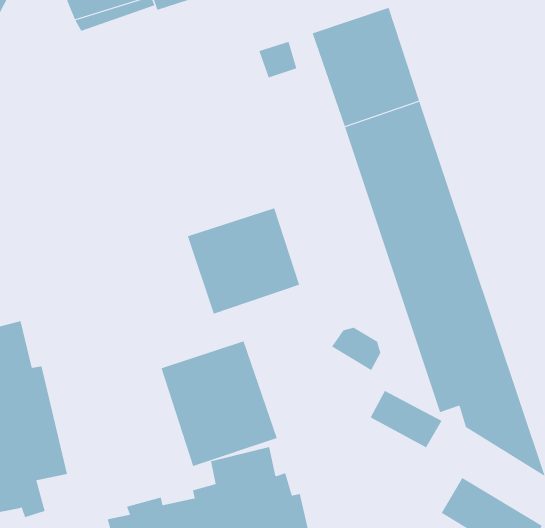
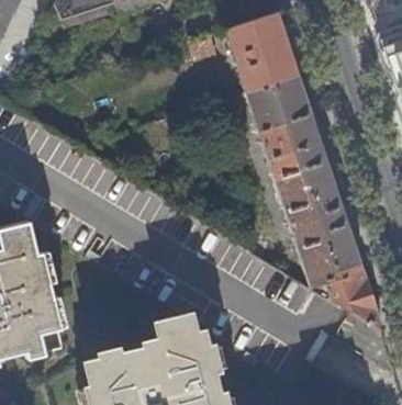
building: [187,208,300,315] -> none
building: [161,340,277,467] -> none

